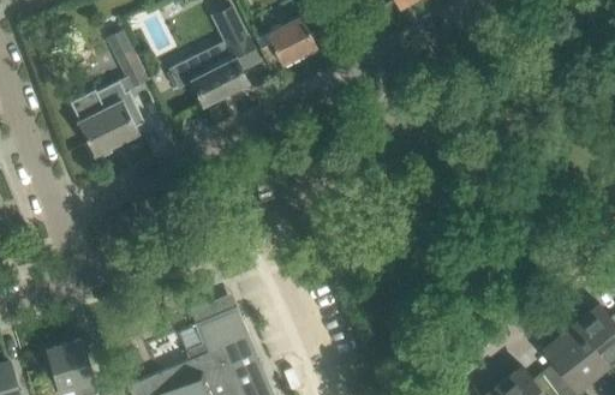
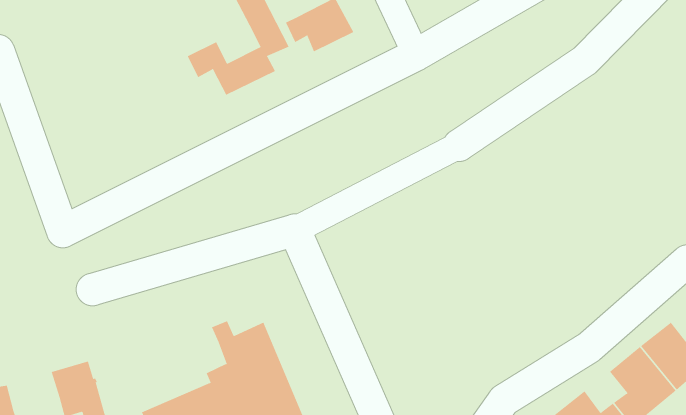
building: [107,29,149,85] -> none
building: [78,82,144,157] -> none

